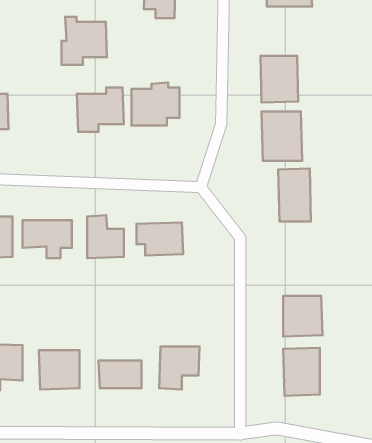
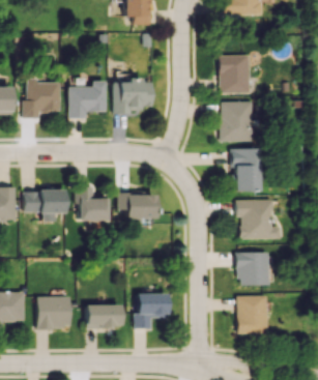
building: [61,17,107,65] -> [23,79,60,118]
building: none -> [236,200,280,239]

